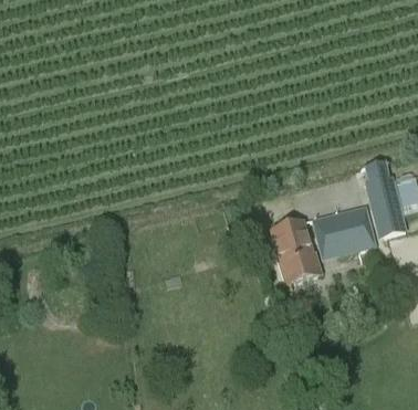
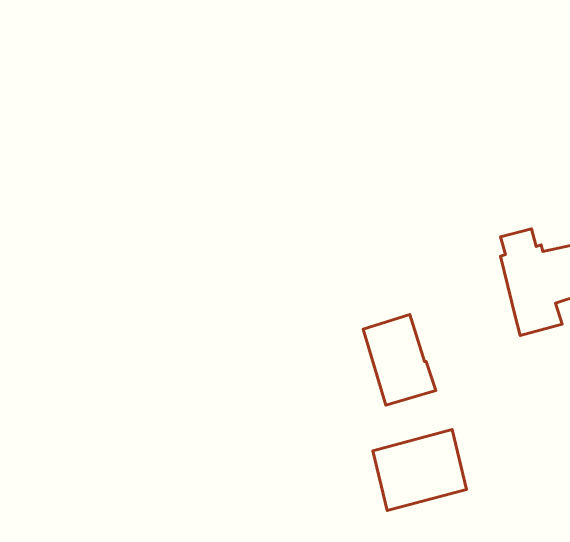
building: [312,204,376,260] -> [373,430,467,511]

